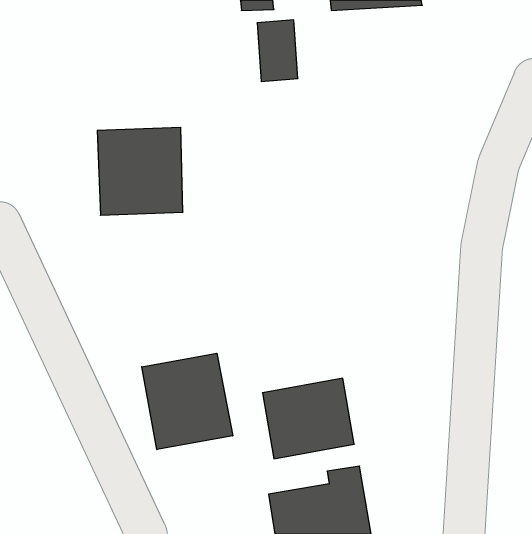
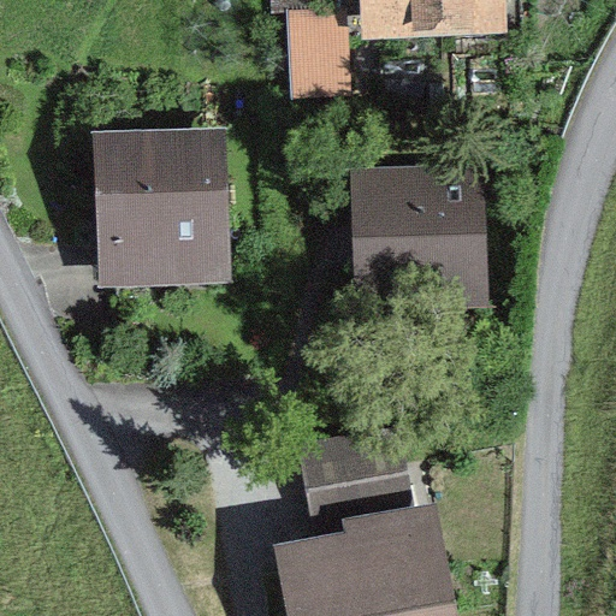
building: none -> [373,189,475,291]
building: [142,353,233,450] -> none

